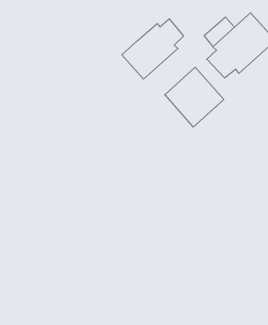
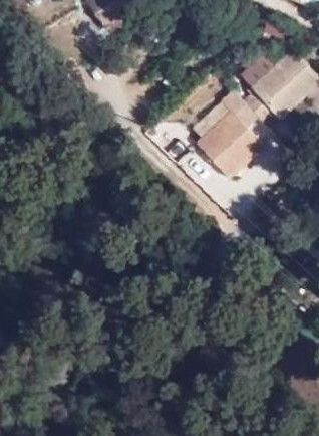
building: [122,19,184,79] -> none

